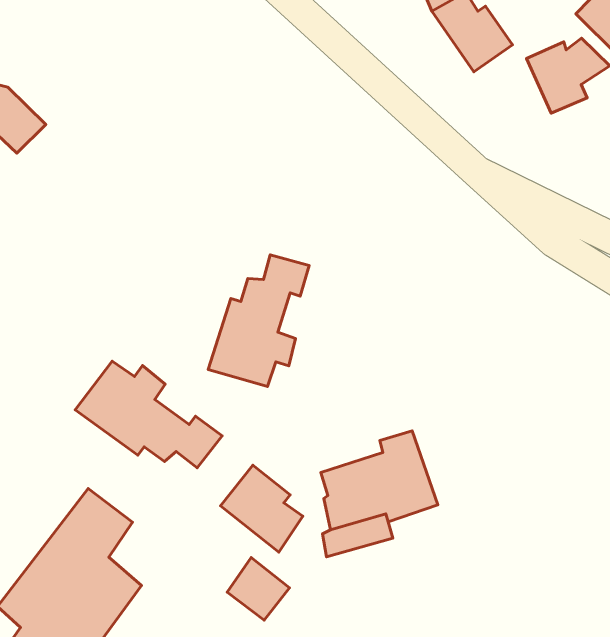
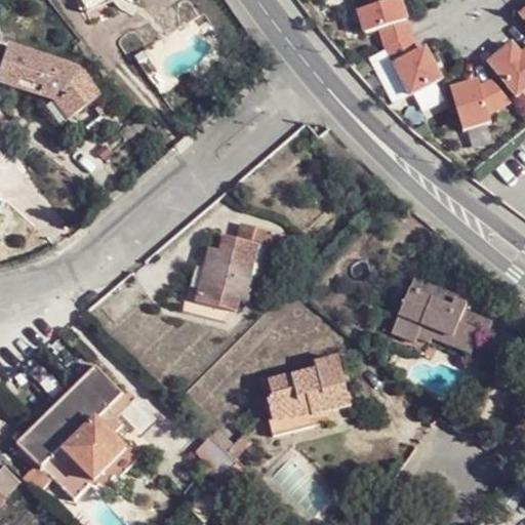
building: none -> [388,286,480,361]
building: [75,361,222,468] -> none
building: [220,465,303,552] -> none

